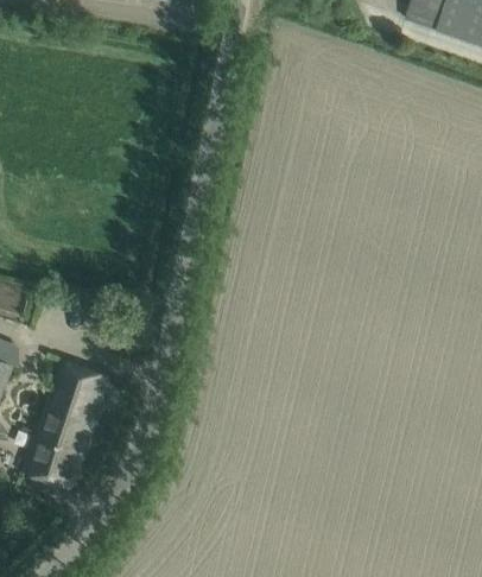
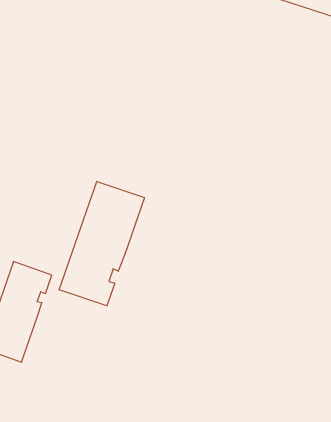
building: none -> [59,181,144,306]

